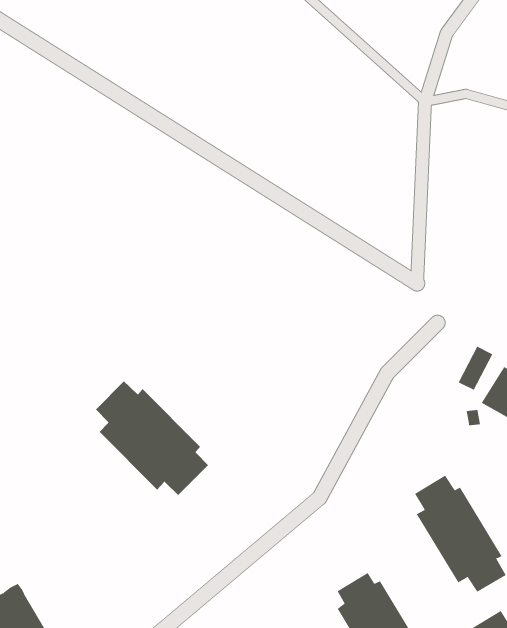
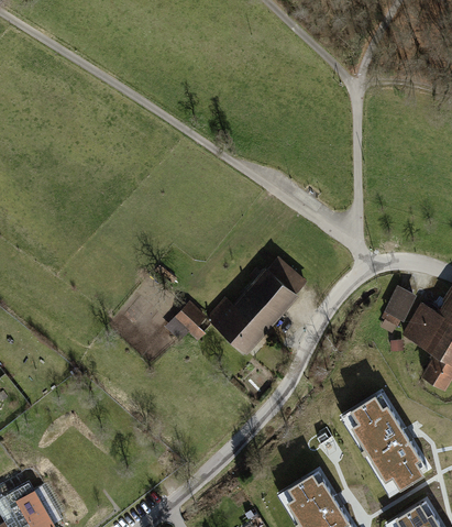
building: none -> [210,261,305,352]
building: none -> [177,305,206,341]
building: [95,380,209,496] -> none

